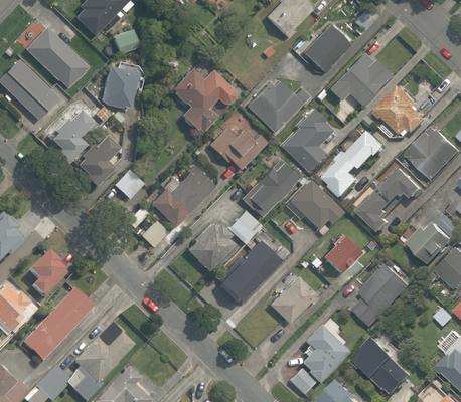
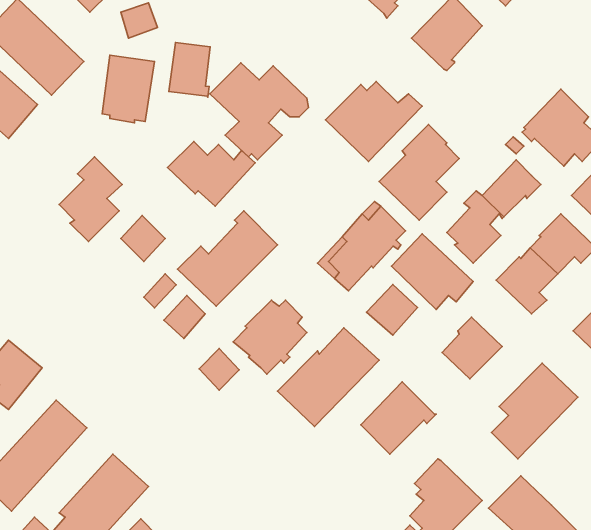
building: [329,52,391,106] -> none
building: none -> [169,43,210,97]
building: [44,108,89,162] -> none
building: [209,128,267,170] -> [168,141,255,206]
building: [228,211,262,244] -> [367,284,417,335]
building: none -> [199,349,239,390]

